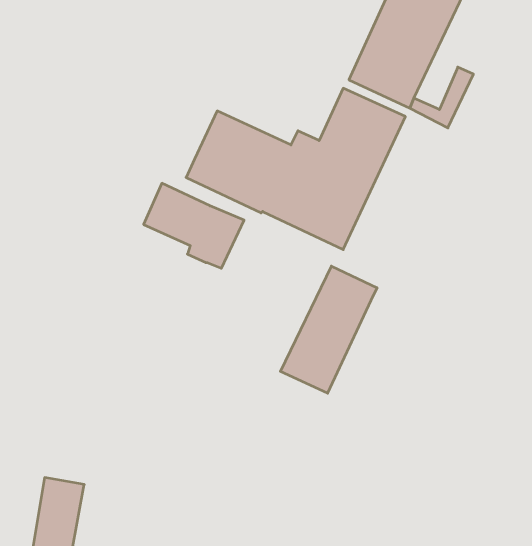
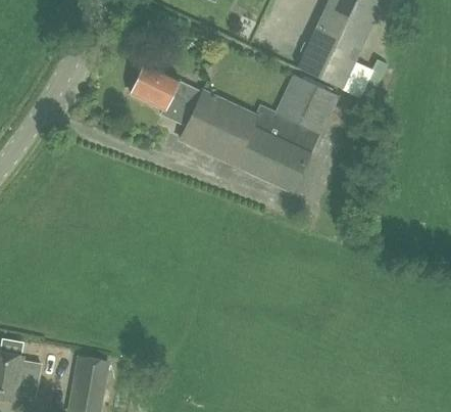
building: [144,183,244,268] -> [131,64,203,126]
building: [280,266,377,393] -> none

